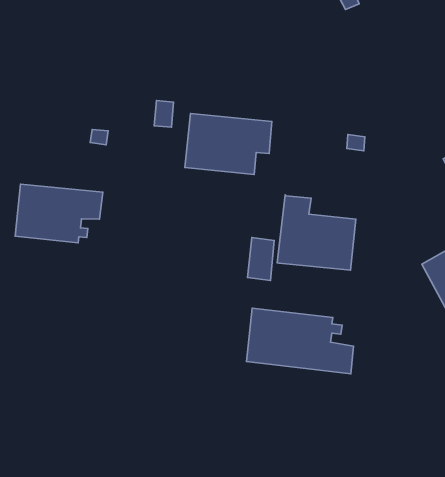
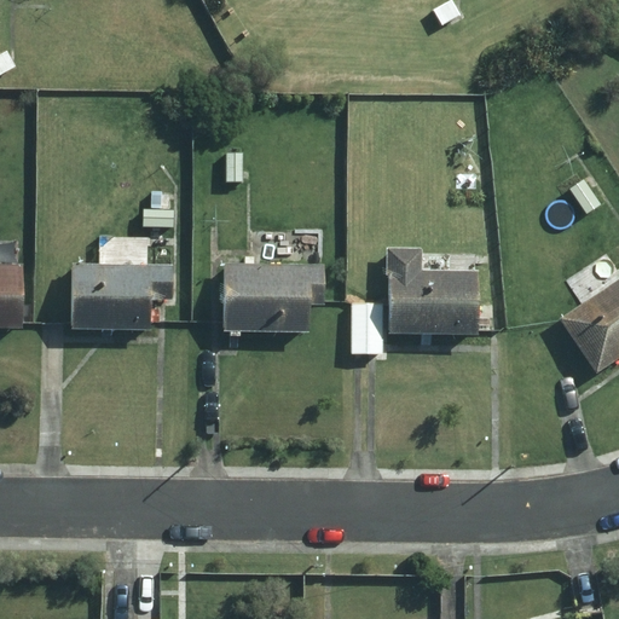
building: [185,113,272,175] -> [224,264,323,330]
building: [246,308,353,374] -> none

